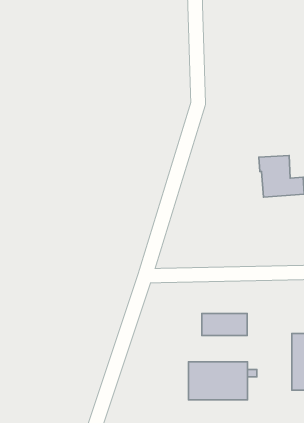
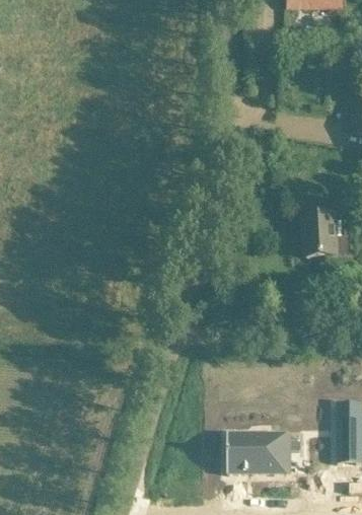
building: [202,314,247,335] -> none

